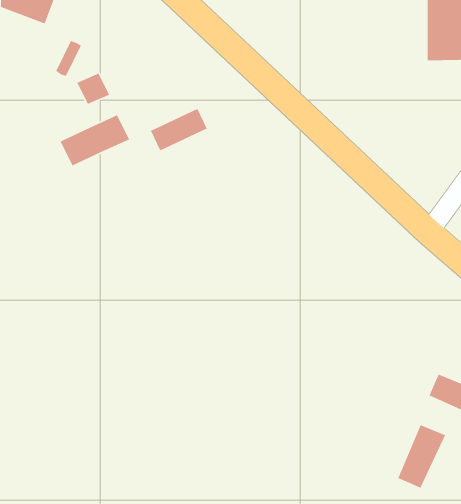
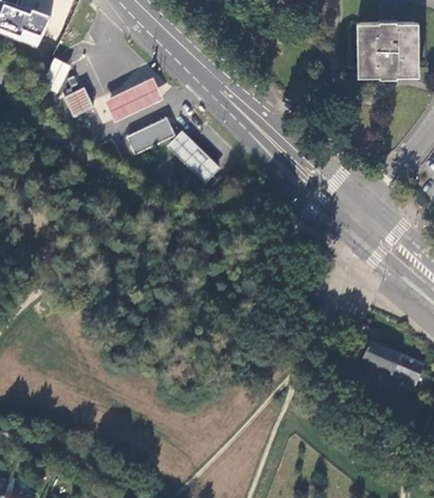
building: [59,114,130,167] -> [104,76,163,120]
building: none -> [167,130,219,181]
building: [397,424,446,489] -> none

